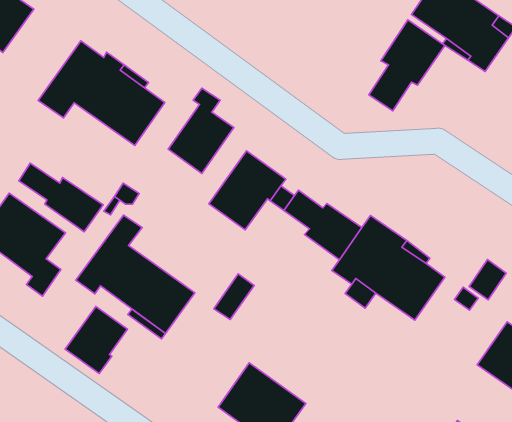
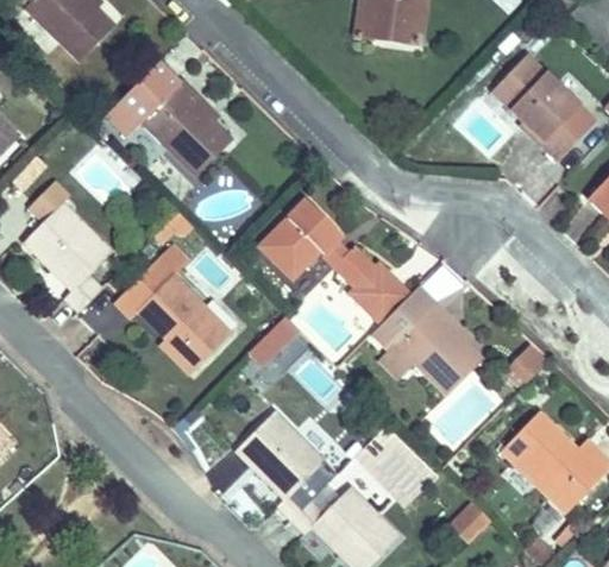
building: [369,20,445,111] -> none
building: [168,88,234,173] -> none
building: [19,163,103,232] -> none
building: [65,306,127,374] -> none

